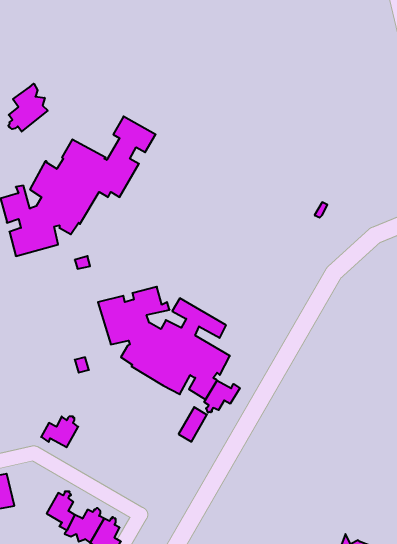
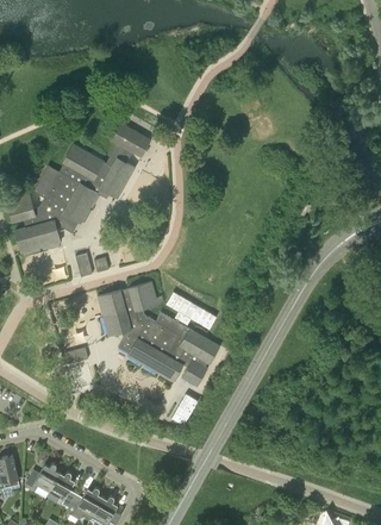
building: [8,84,48,132] -> none
building: [204,380,240,413] -> none
building: [41,416,78,447] -> [25,464,60,493]

